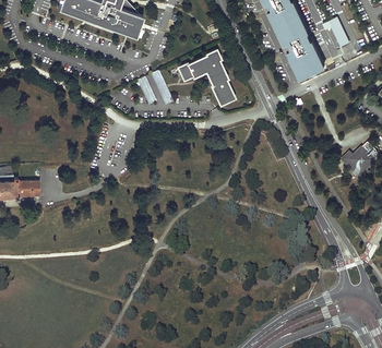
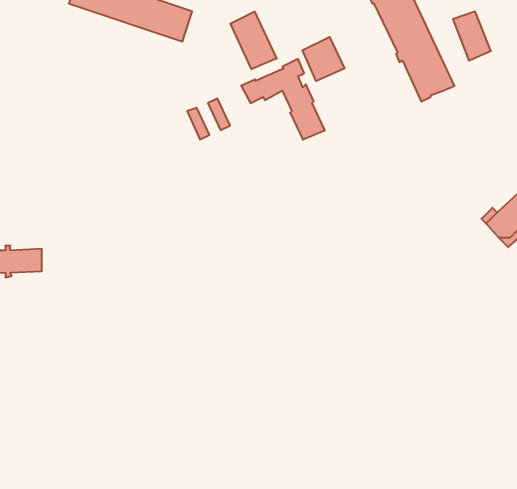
building: none -> [231,11,277,69]
building: none -> [302,37,345,81]

